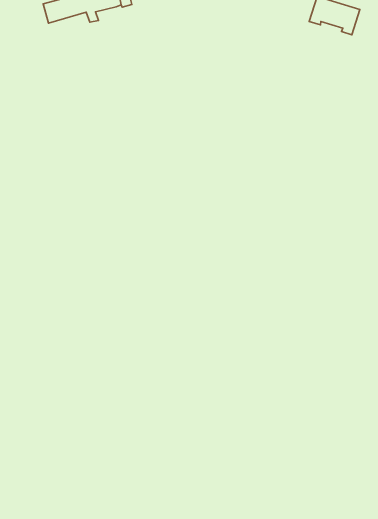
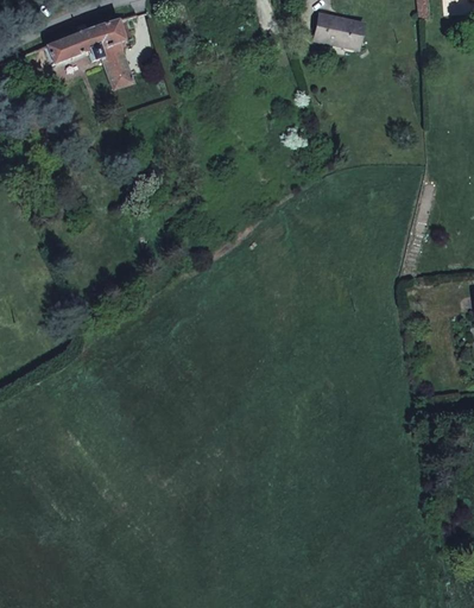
building: none -> [99,42,133,89]

